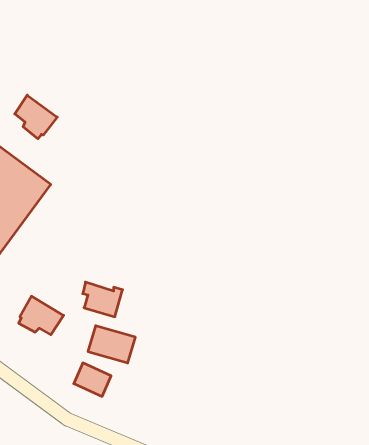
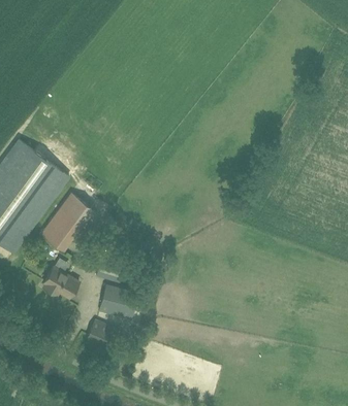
building: [15,95,57,139] -> none
building: none -> [41,195,92,249]

